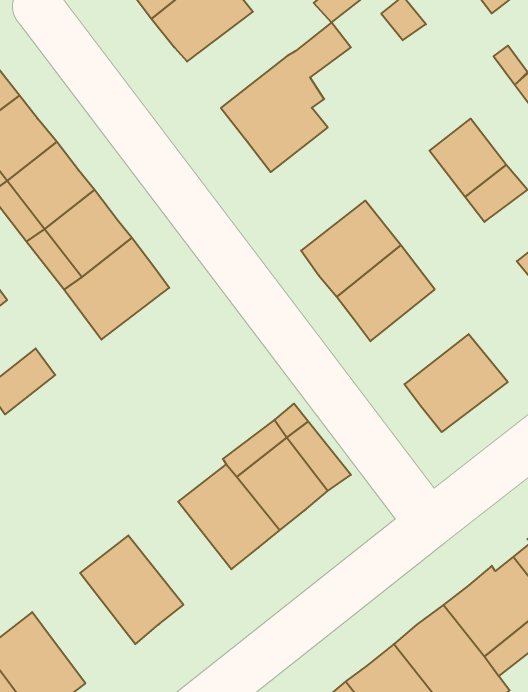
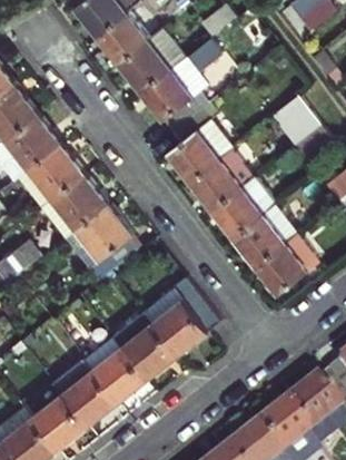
building: none -> [118,30,180,90]
building: none -> [167,102,230,179]
building: none -> [65,203,137,277]
building: none -> [233,204,294,263]
building: none -> [81,334,146,401]
building: none -> [28,391,86,450]

